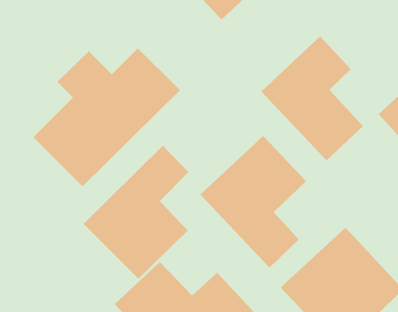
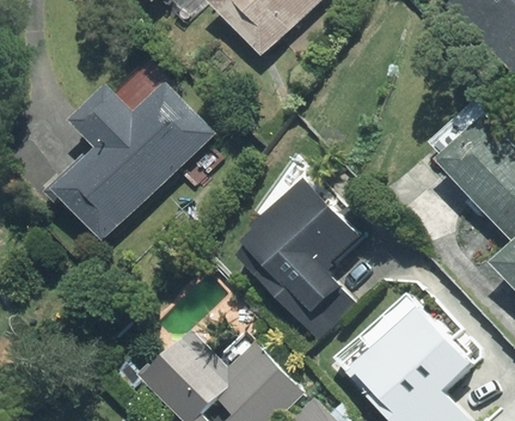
building: [260,35,364,161] -> none
building: [83,145,189,279] -> none

